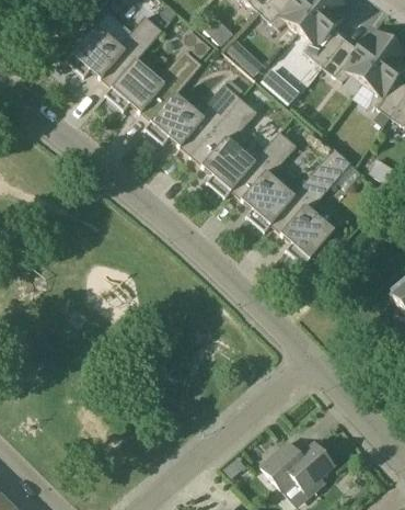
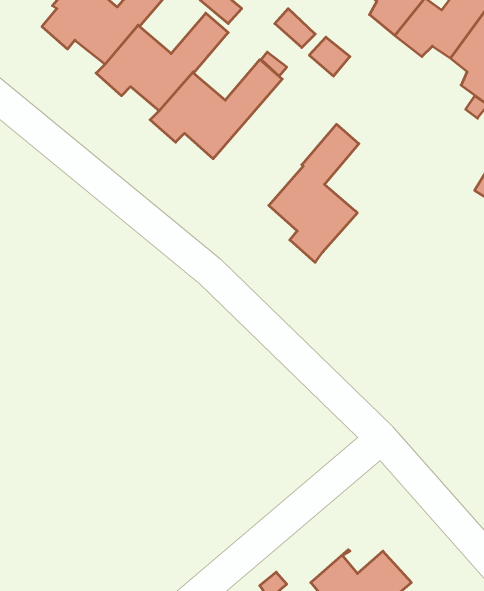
building: [190,97,257,196] -> none
building: [270,146,351,264] -> none

